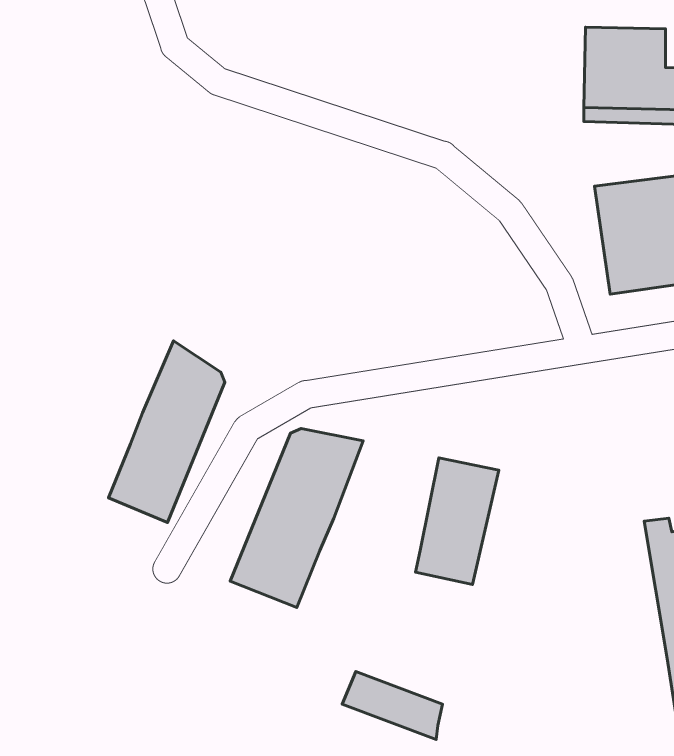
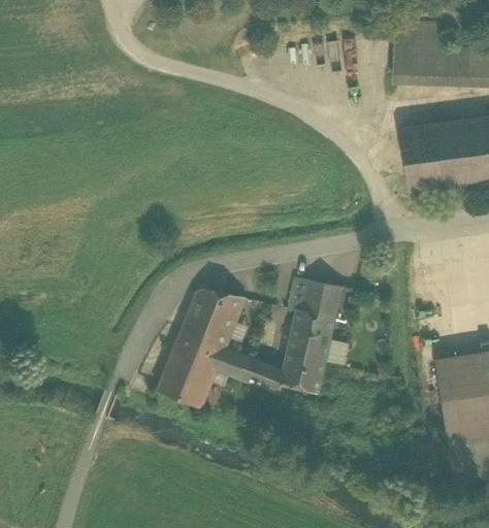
building: [109,341,225,523] -> none
building: none -> [290,277,343,317]
building: [342,672,442,740] -> [217,349,284,394]

